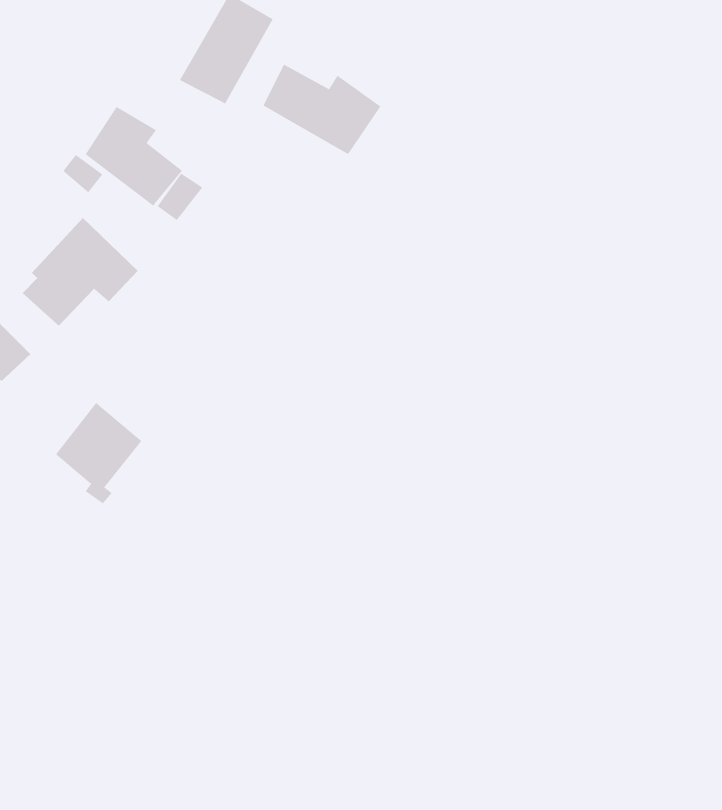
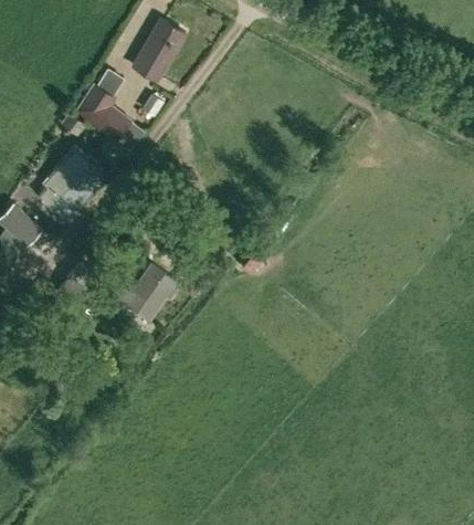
building: [263,64,381,155] -> none
building: none -> [109,264,176,322]

